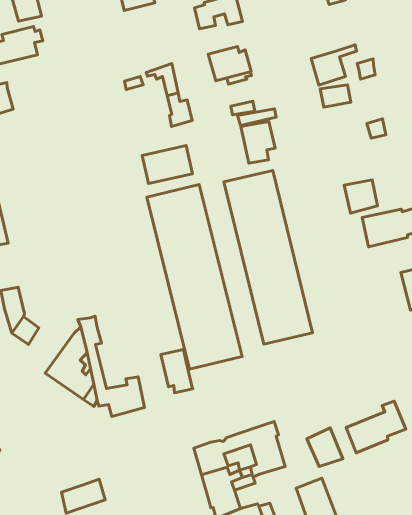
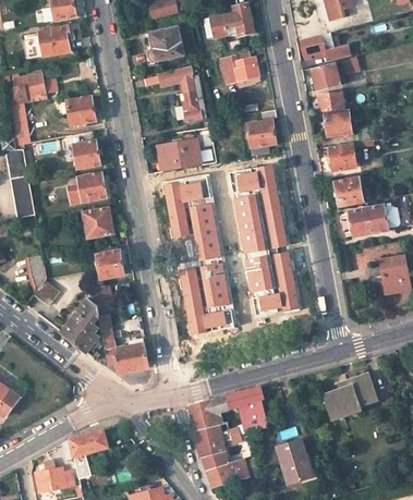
building: none -> [302,32,350,62]
building: none -> [150,25,184,61]
building: none -> [321,109,352,136]
building: none -> [66,97,95,125]
building: none -> [328,142,355,170]
building: none -> [71,131,99,169]
building: none -> [68,173,106,203]
building: none -> [82,207,112,237]
building: none -> [92,249,123,286]
building: [161,350,193,393] -> none
building: [307,428,343,467] -> none

